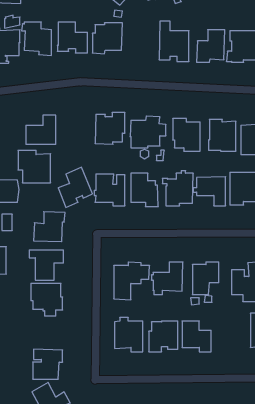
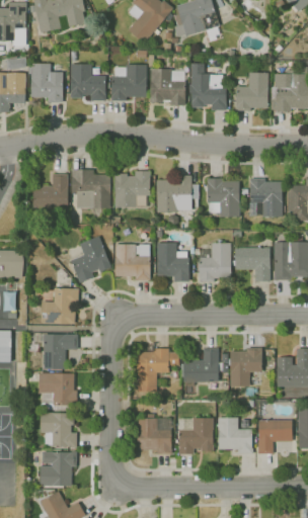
building: none -> [150,69,185,106]
building: [18,150,51,183] -> [72,170,110,208]
building: none -> [41,413,77,447]
building: none -> [258,420,294,453]

